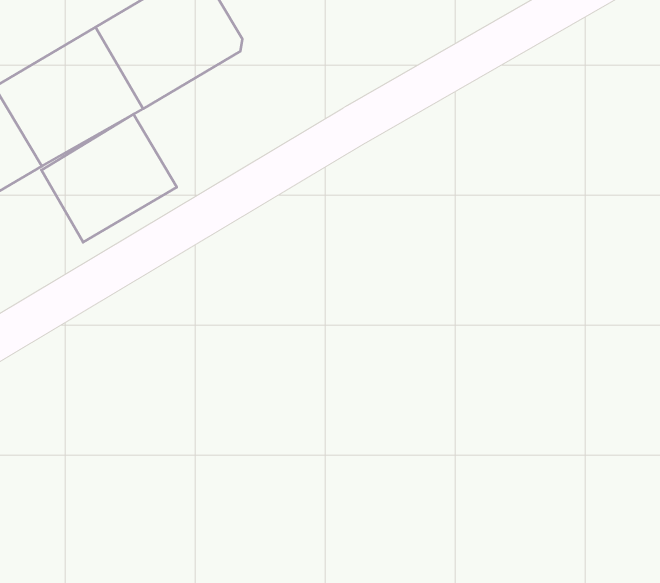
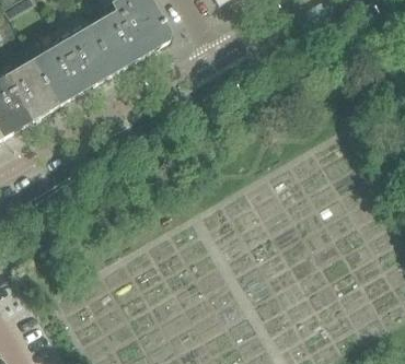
building: [41,114,177,242] -> none

